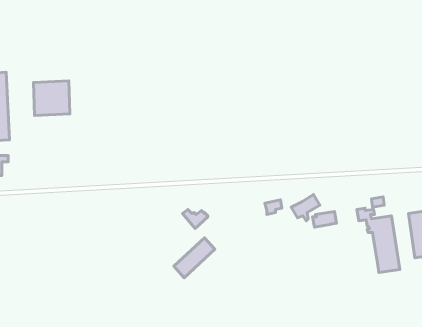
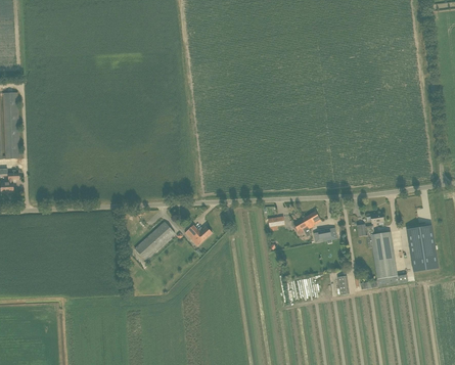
building: [33,81,70,115] -> none
building: [174,238,215,278] -> [135,221,175,260]

